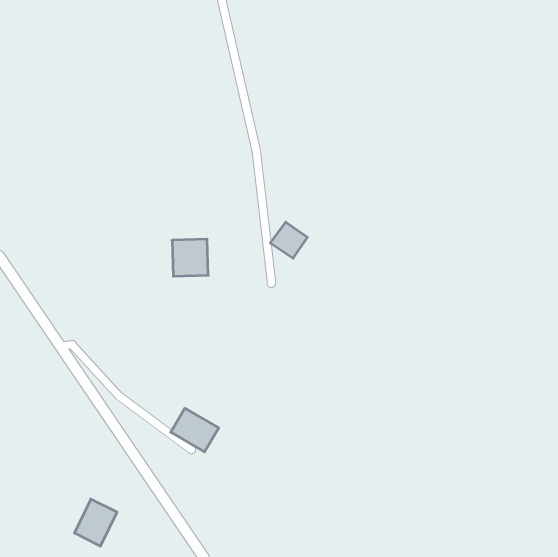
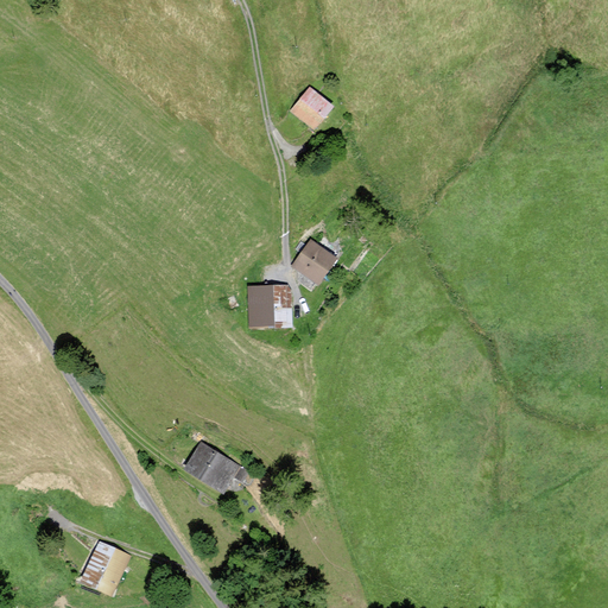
building: none -> [292,88,331,127]
building: [172,239,208,276] -> [249,285,289,325]

